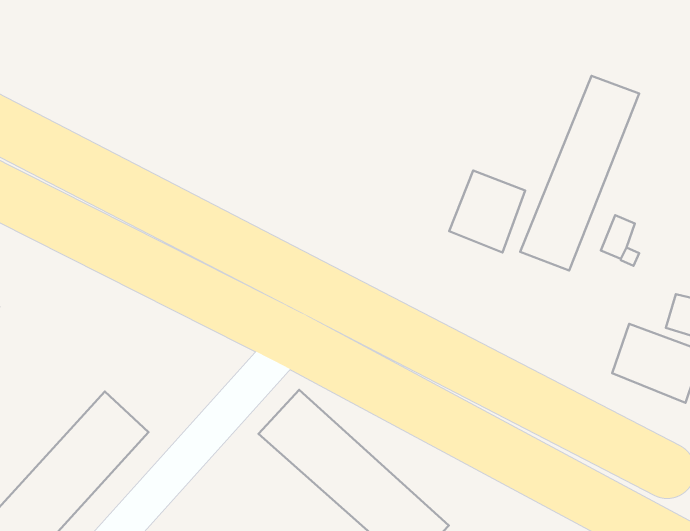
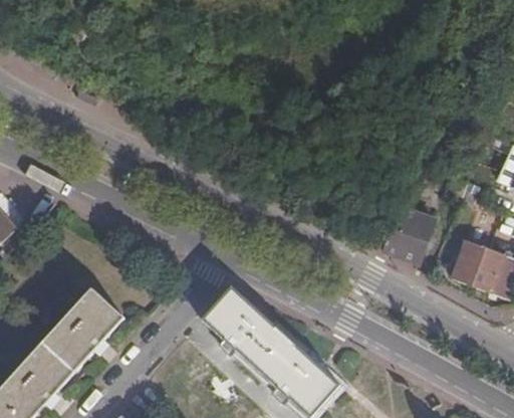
building: [520,76,639,270] -> none
building: [449,171,525,252] -> [380,203,435,261]

